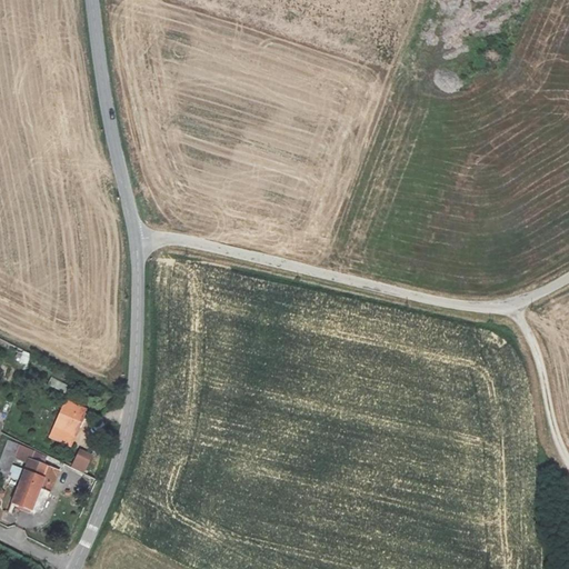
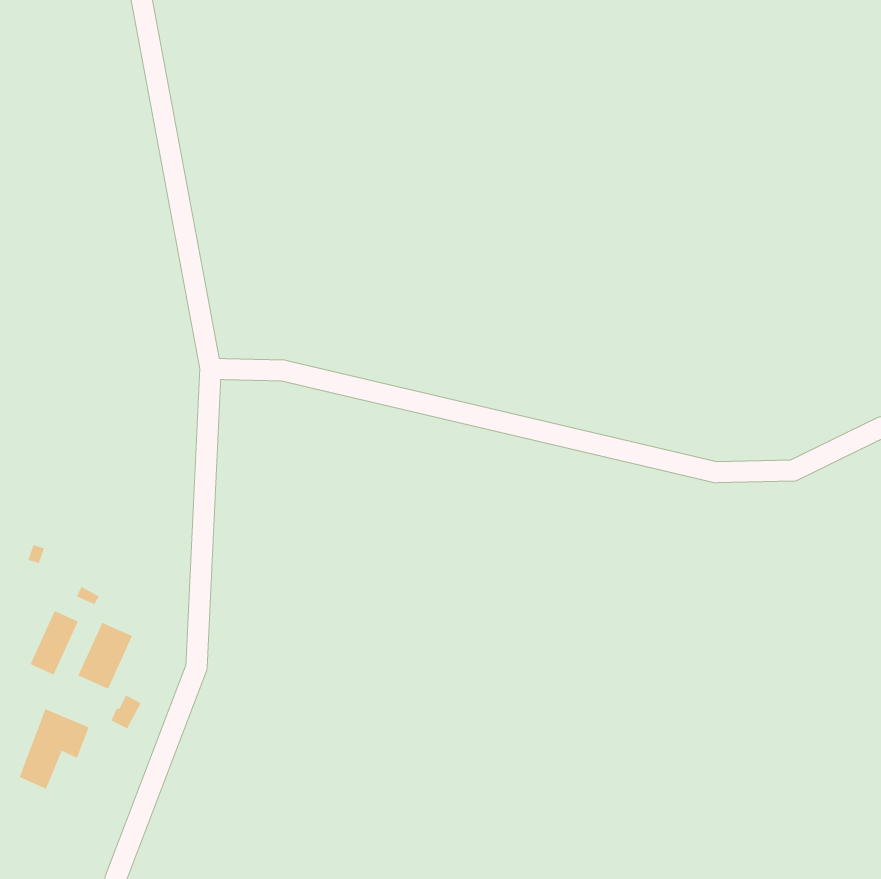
building: none -> [30,610,78,676]

